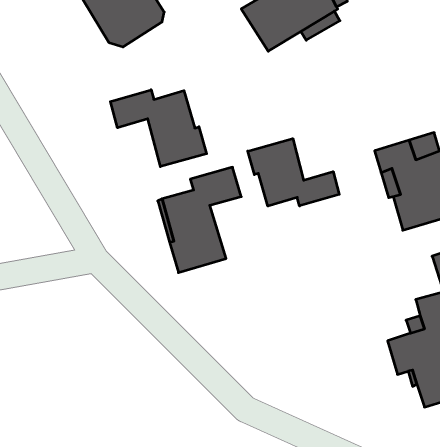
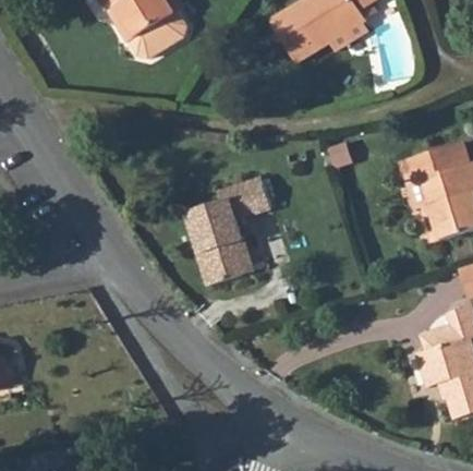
building: [110,90,207,167] -> none
building: [248,139,339,206] -> none

